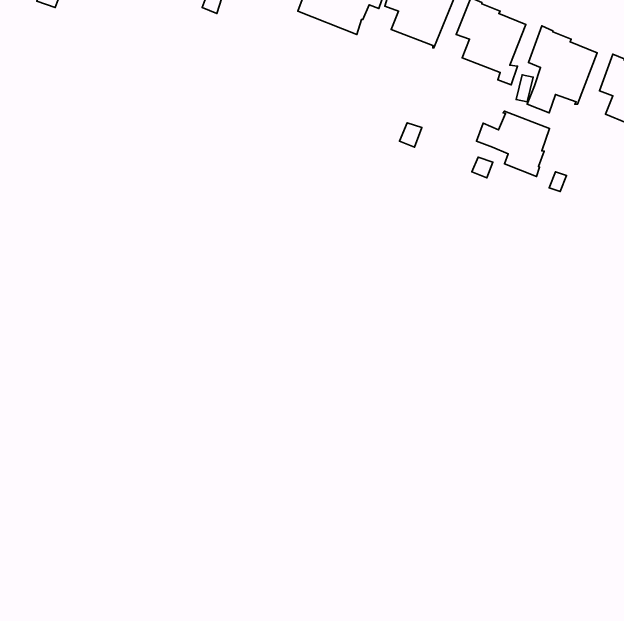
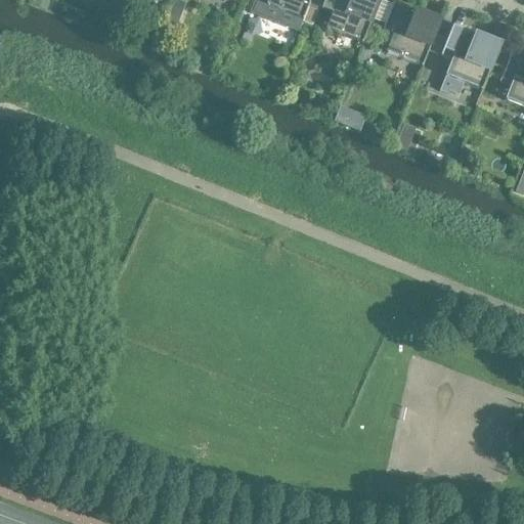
building: [476,111,550,176] -> none

